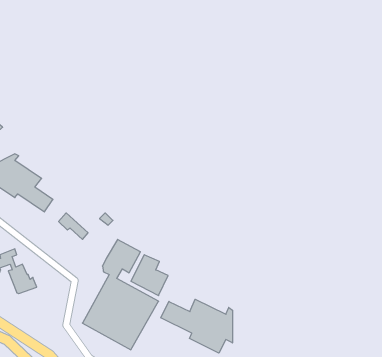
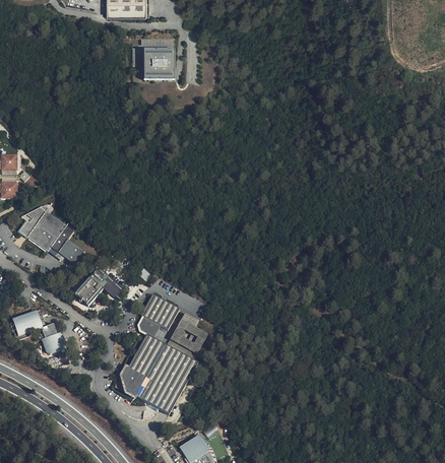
building: none -> [147,51,179,82]
building: none -> [74,277,102,306]
building: [161,299,232,353] -> none

